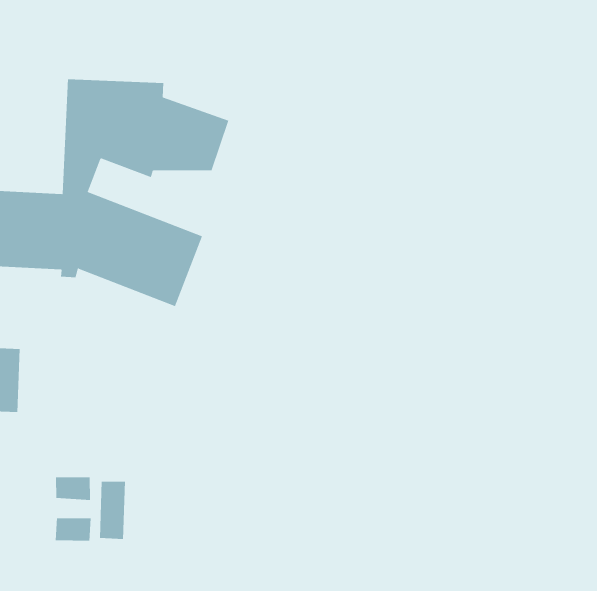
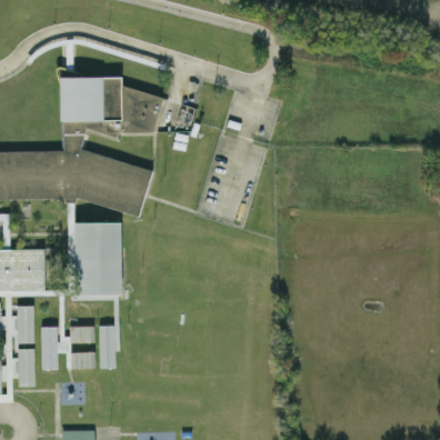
building: none -> [74,221,123,296]
building: none -> [40,328,57,366]

